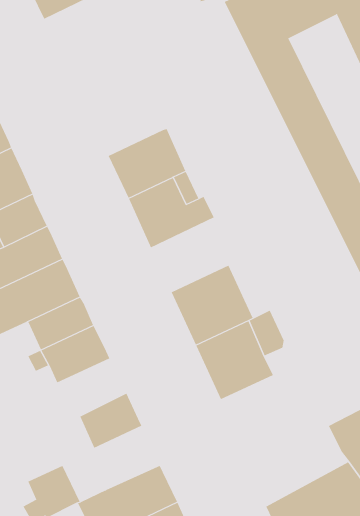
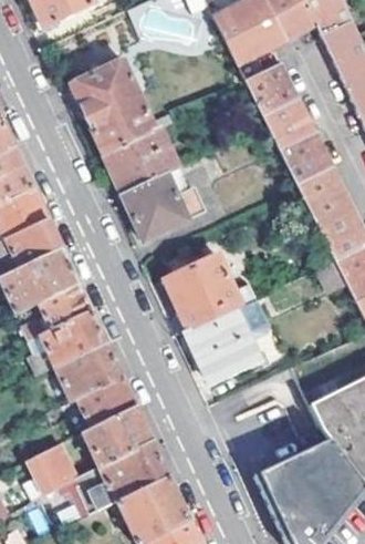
building: none -> [71,60,155,155]
building: none -> [56,345,122,401]
building: none -> [84,408,153,468]

